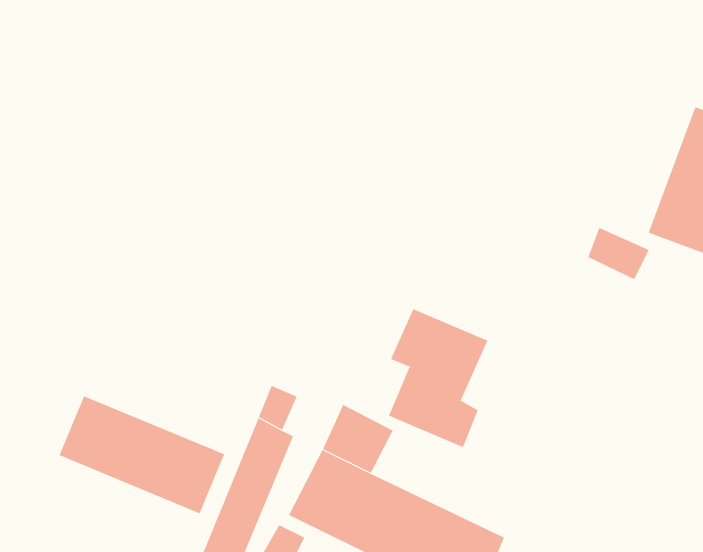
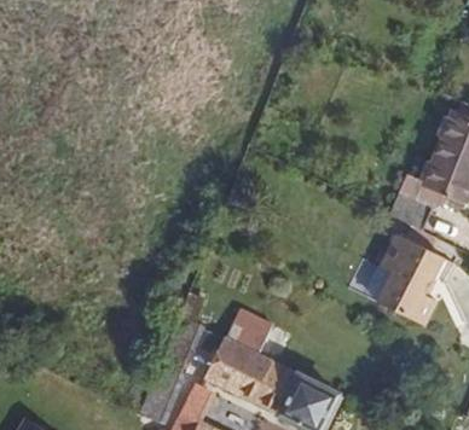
building: [388,308,488,448] -> [380,238,444,327]
building: [59,395,225,514] -> none

